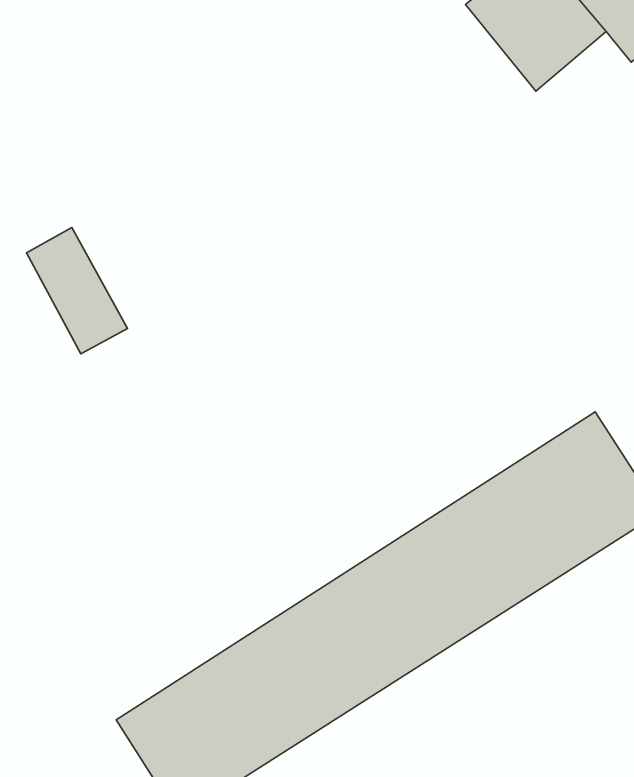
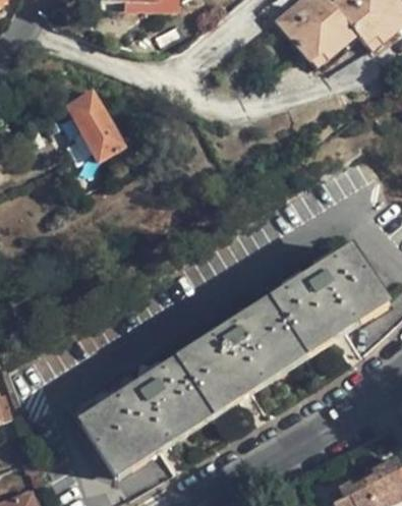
building: [27,228,127,354] -> [66,89,123,160]

